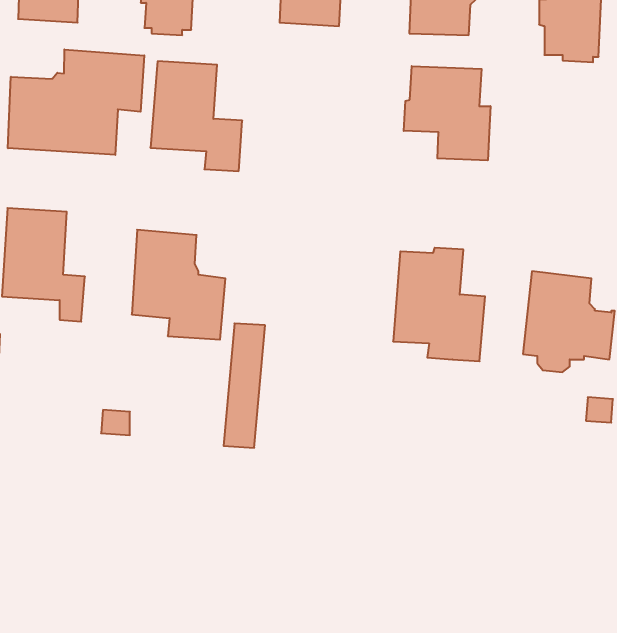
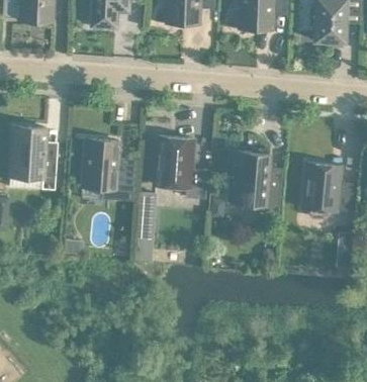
building: [8,49,144,155] -> none
building: [150,61,242,171] -> [156,136,207,198]
building: [404,66,490,160] -> none

